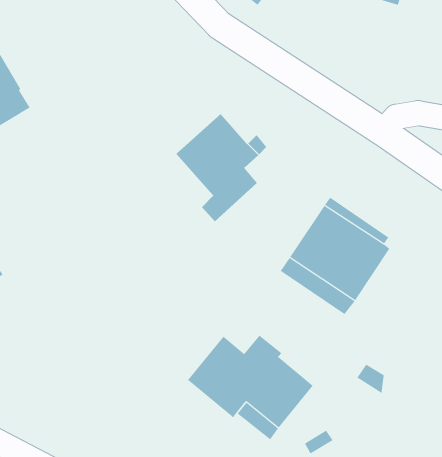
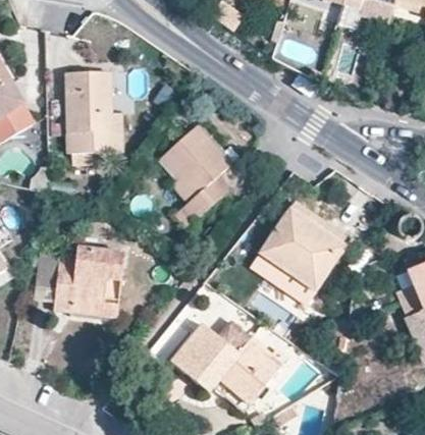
building: none -> [65,70,121,153]
building: none -> [33,244,123,317]

